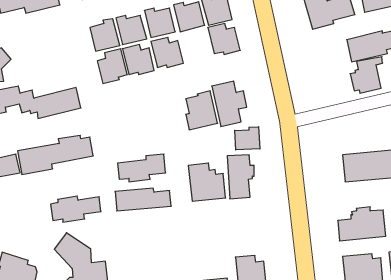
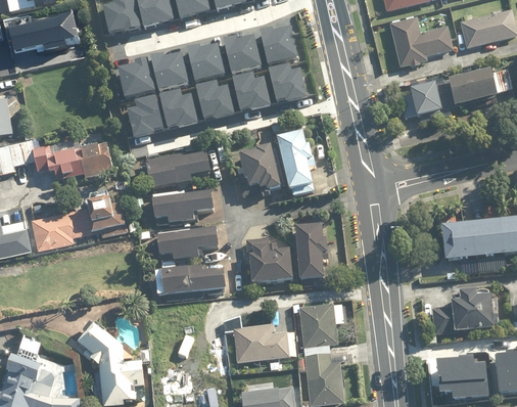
building: none -> [233,70,273,107]
building: [350,57,383,93] -> [401,73,441,119]
building: none -> [135,150,207,192]
building: [235,127,260,150] -> none
building: [51,196,101,222] -> [149,191,213,224]
building: none -> [298,302,338,355]
building: none -> [233,323,288,362]

